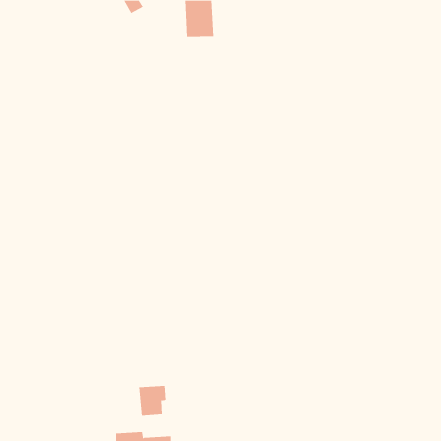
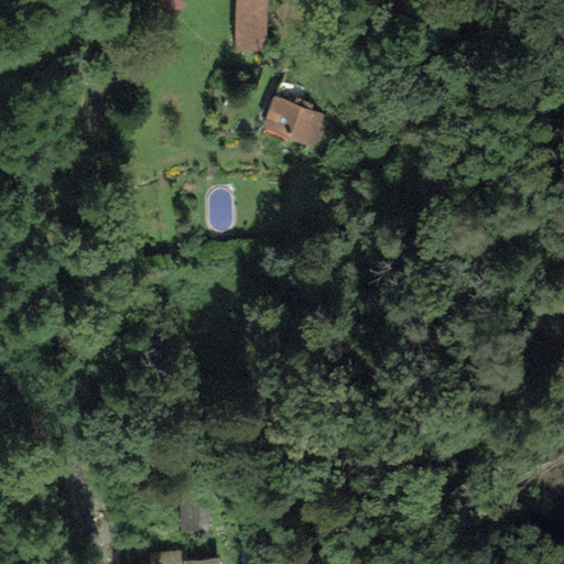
building: none -> [264,98,323,143]

